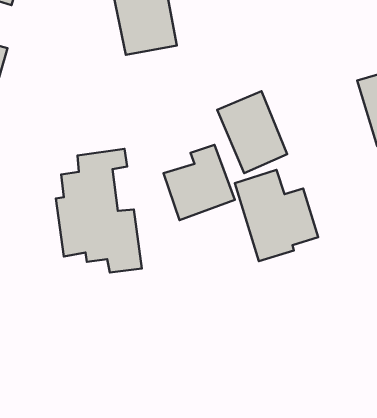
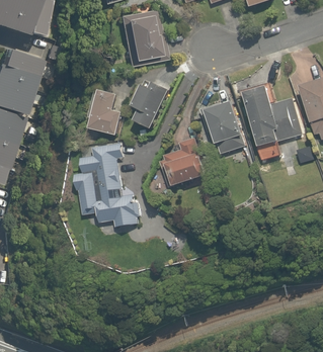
building: none -> [134,85,172,129]
building: none -> [91,89,126,138]
building: [235,170,318,261] -> [240,84,303,153]

